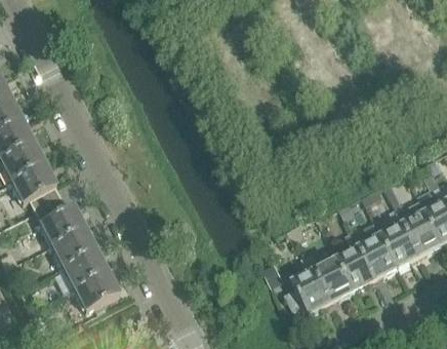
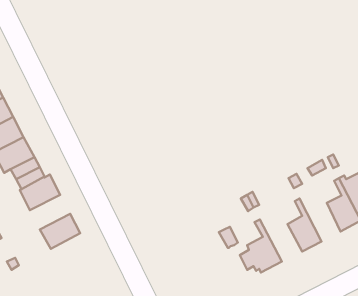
building: [50,223,95,262] -> none
building: [352,225,398,275] -> none
building: [308,247,355,298] -> none
building: [74,266,119,306] -> none

